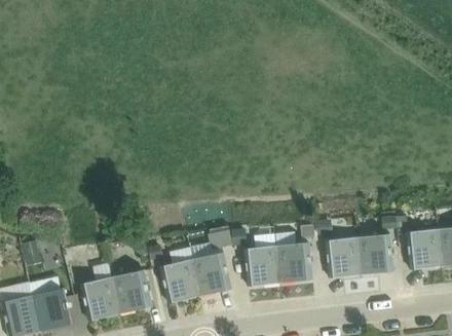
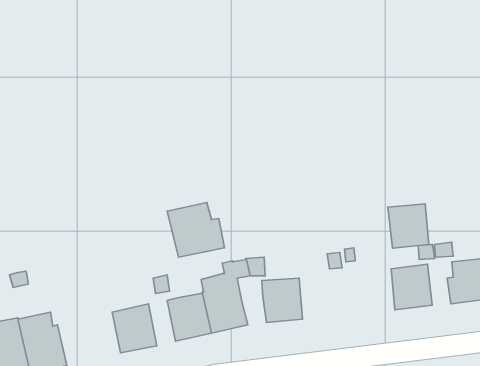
building: none -> [167,202,225,257]
building: [326,238,362,277] -> [388,204,429,248]
building: [277,242,313,283] -> none
building: [81,276,120,320] -> none

